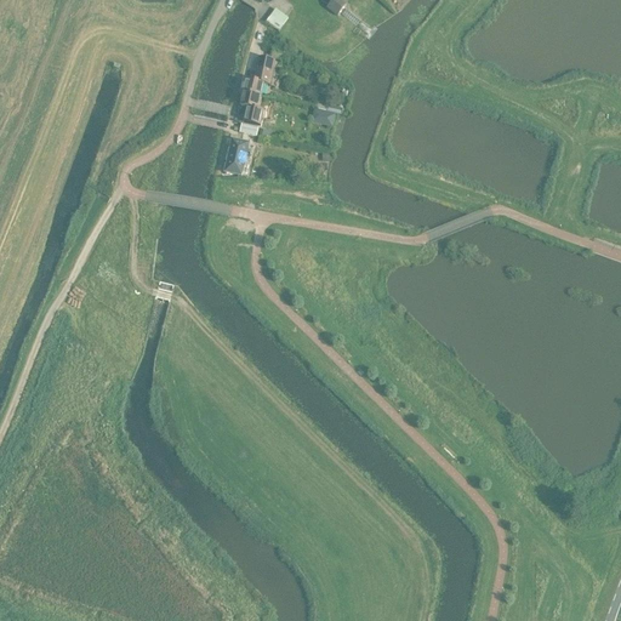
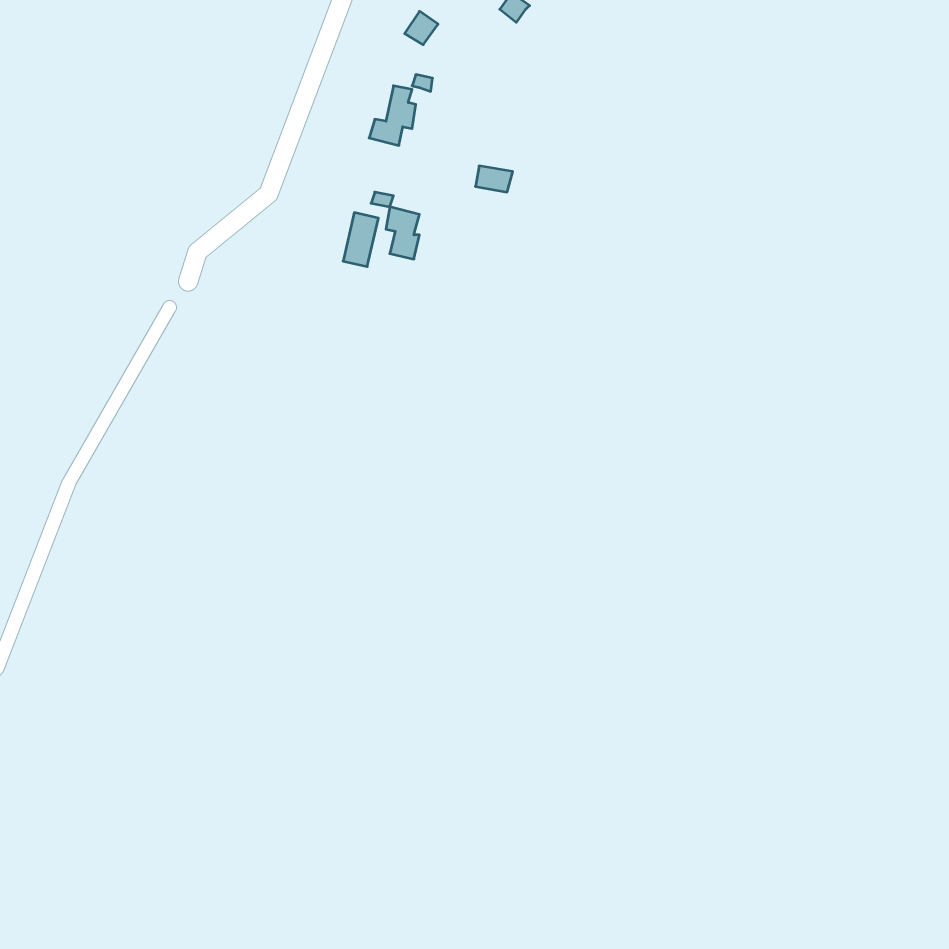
building: [238,90,260,124] -> [386,207,419,259]

